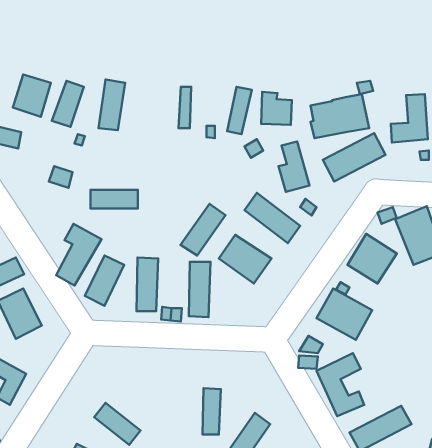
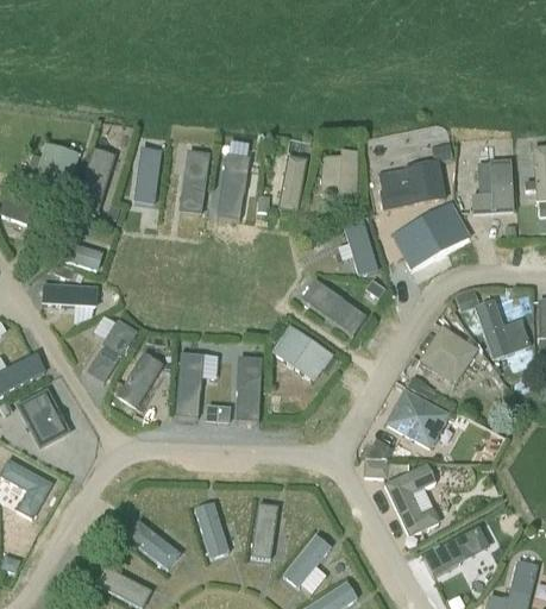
building: none -> [174,153,211,208]
building: [91,190,138,208] -> [42,283,96,304]
building: [181,204,225,255] -> none
building: none -> [190,502,230,559]

